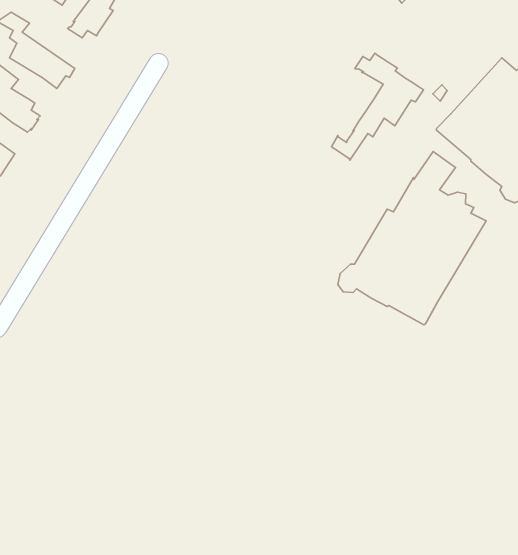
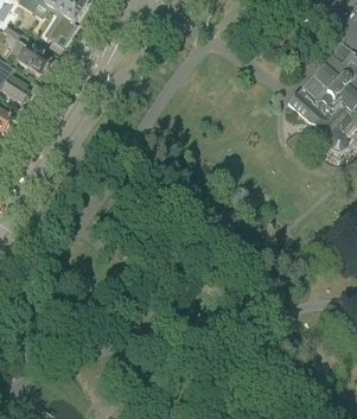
building: [331,53,423,160] -> none
building: [338,152,486,325] -> none

